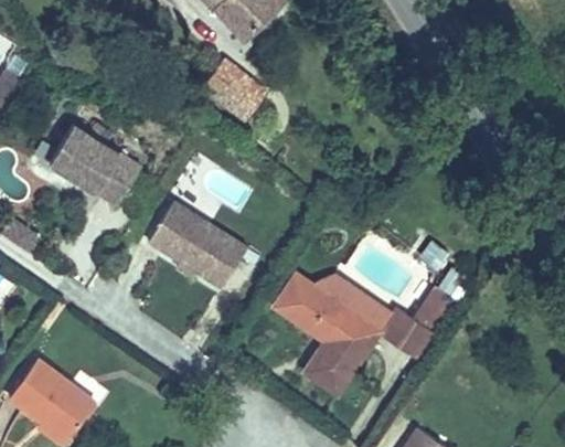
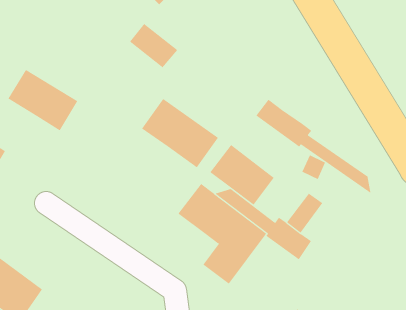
building: none -> [255,99,371,194]
building: [150,198,249,287] -> [141,98,219,168]
building: none -> [209,144,274,205]

